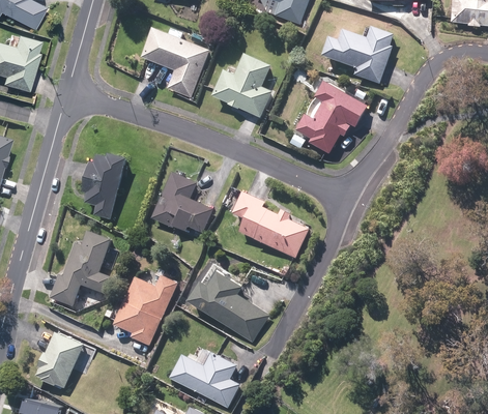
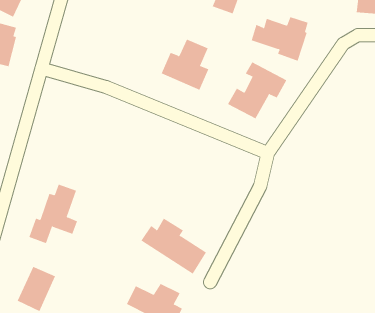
building: [141,28,208,96] -> none
building: [82,153,126,218] -> none
building: [151,172,208,230] -> none
building: [232,191,308,257] -> none
building: [113,275,177,345] -> none

